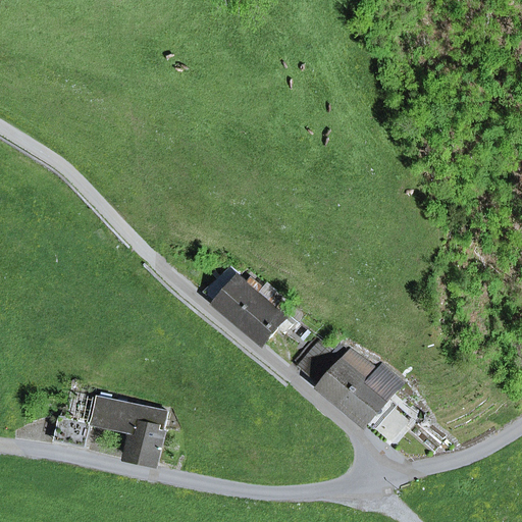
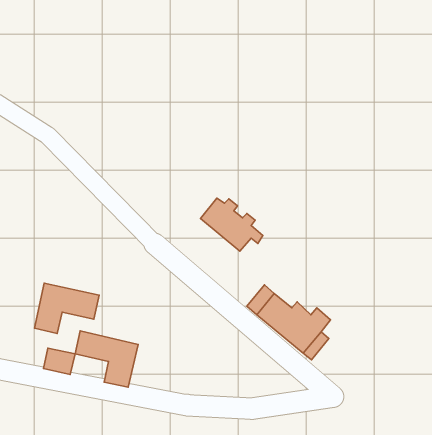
building: [214,278,289,342] -> [201,198,263,251]
building: none -> [35,283,99,334]

